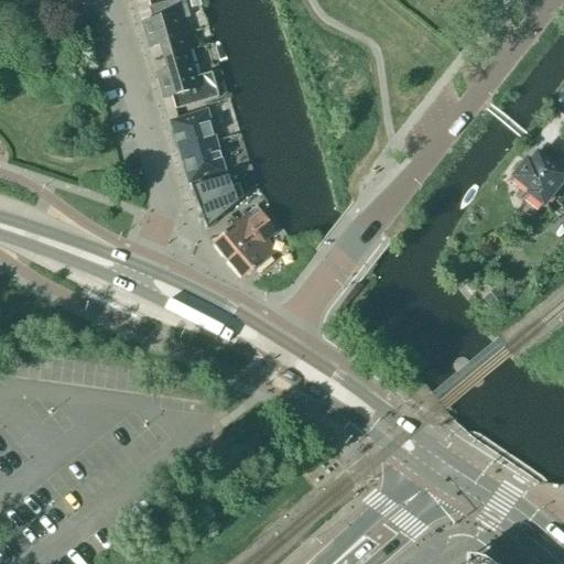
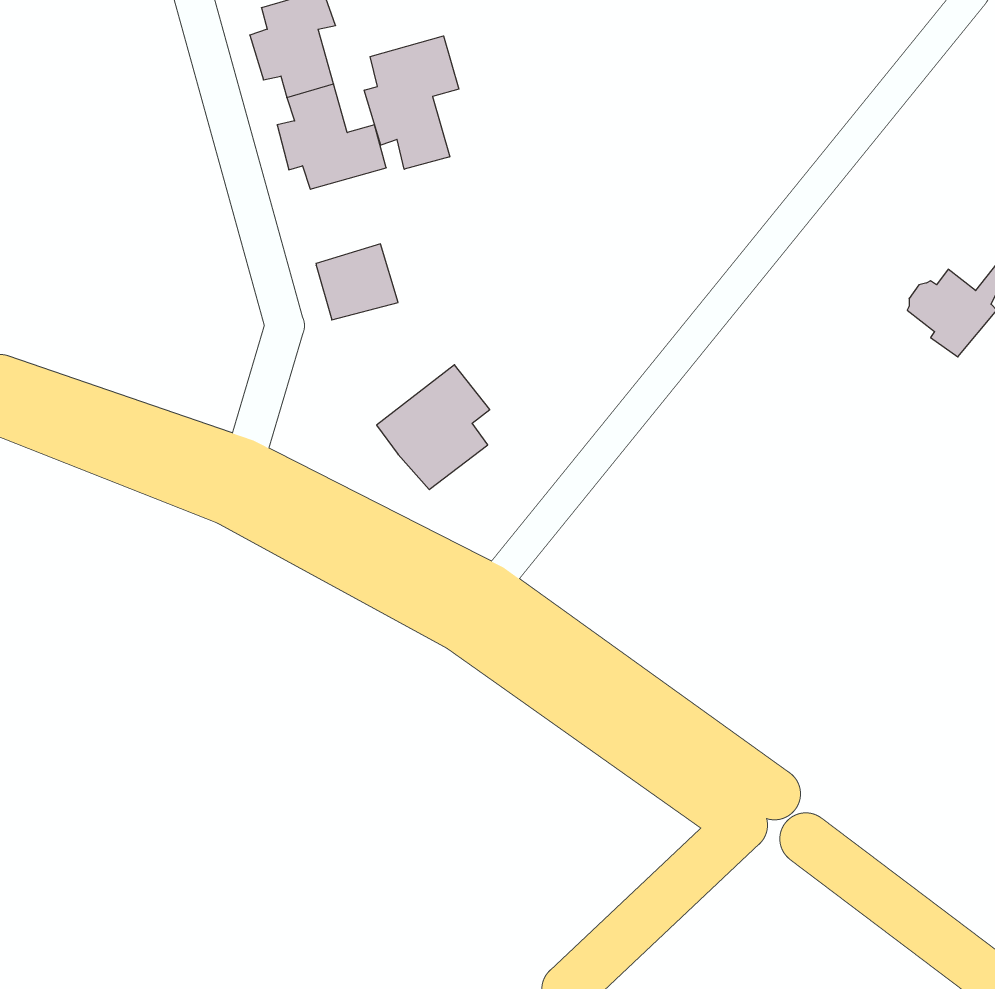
building: none -> [364,36,459,169]
building: [171,108,216,150] -> none
building: [191,174,238,226] -> none

